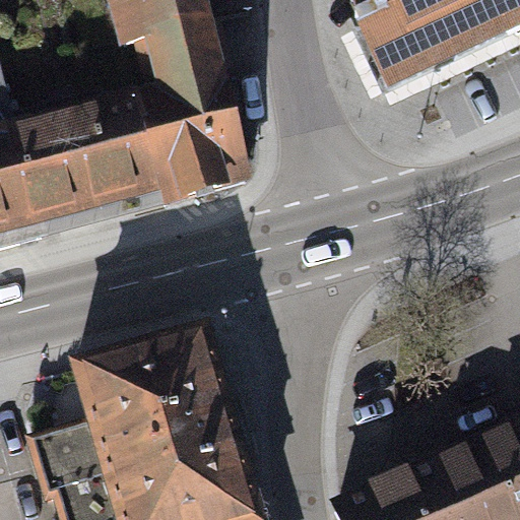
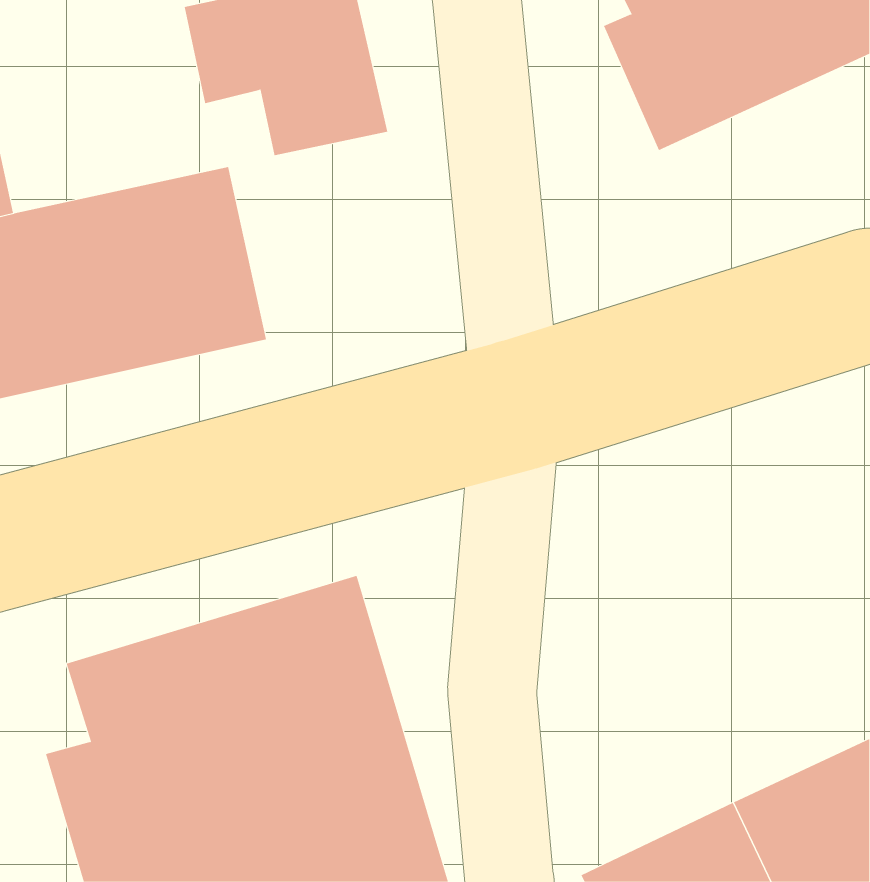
building: [134,77,250,199] -> none

